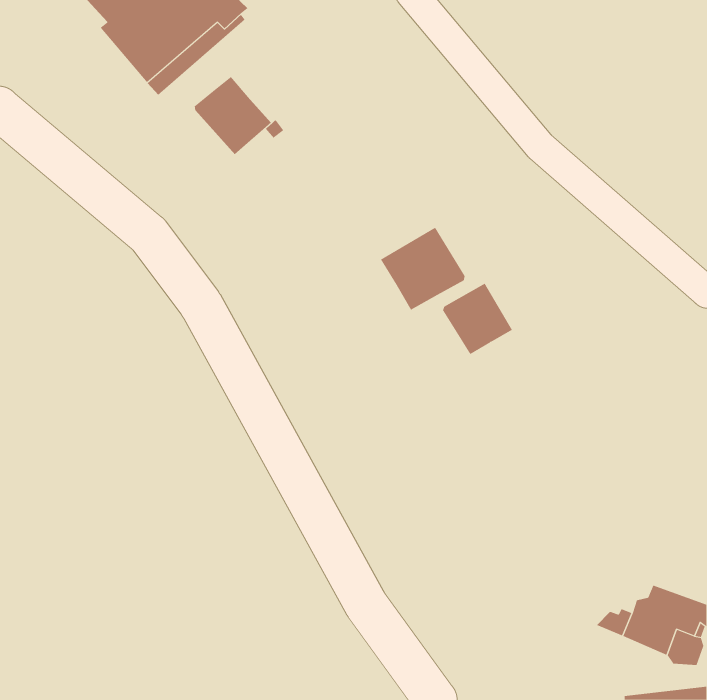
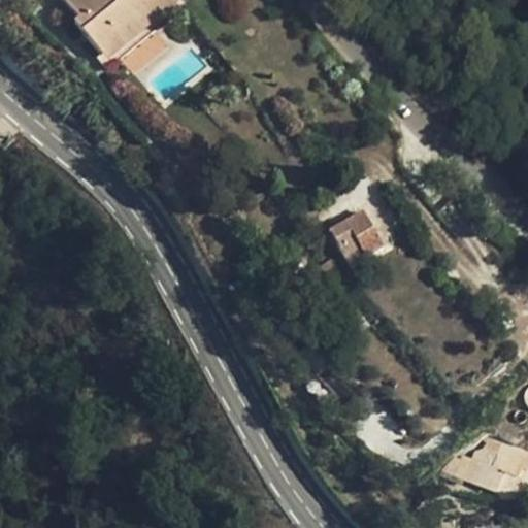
building: [194,76,272,155] -> none
building: [380,227,465,310] -> none

